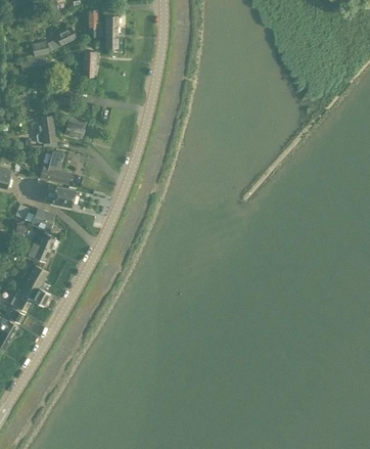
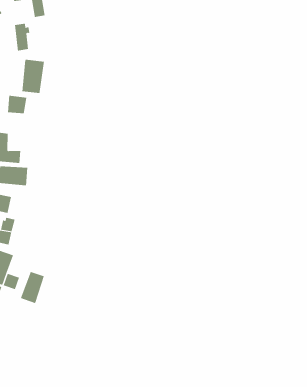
building: none -> [22,59,44,94]
building: none -> [20,271,45,304]

